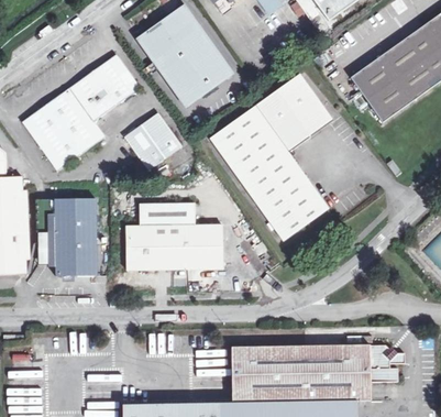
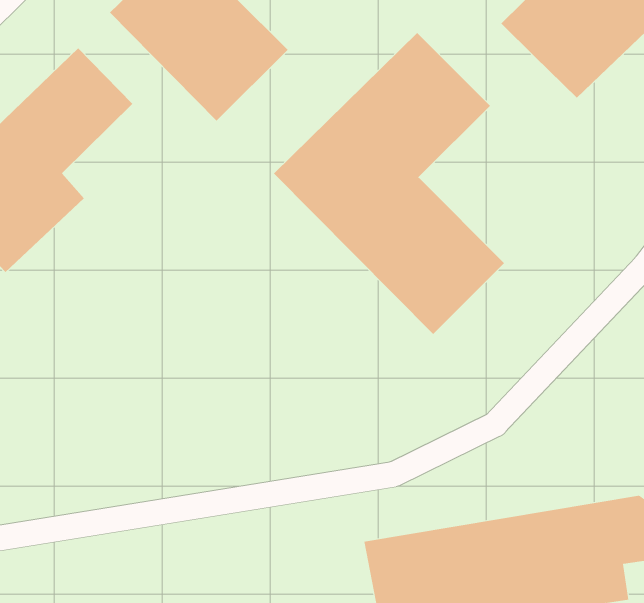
building: [124,113,181,169] -> none
building: [52,199,102,276] -> none
building: [125,201,224,270] -> none

